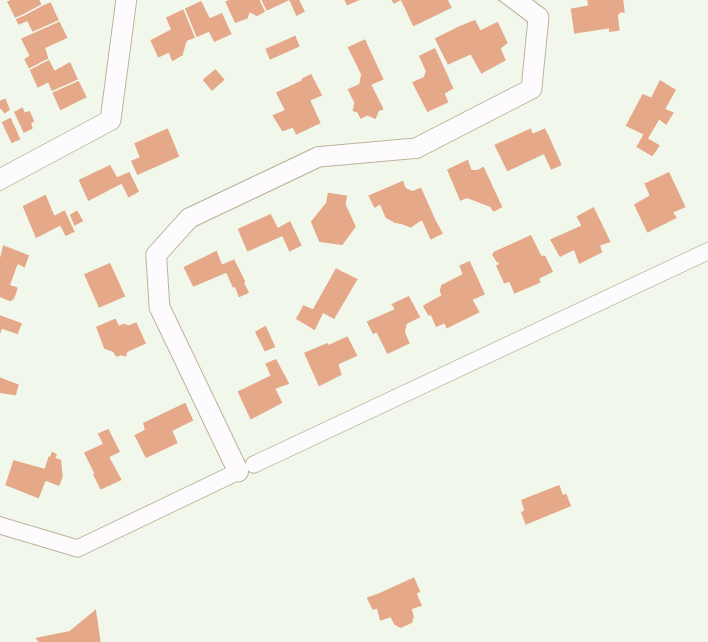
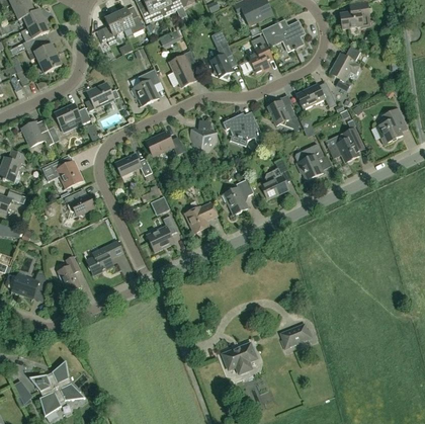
building: [625,79,677,158] -> [330,46,360,91]
building: none -> [133,69,161,106]
building: [295,267,359,331] -> none
building: [520,484,572,526] -> [281,324,312,348]

